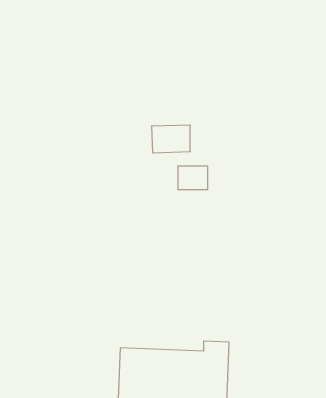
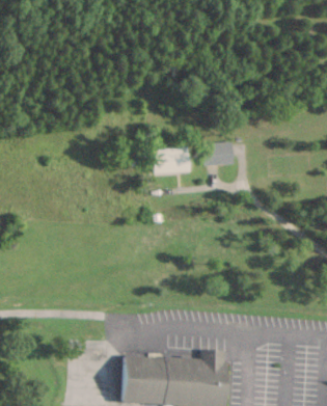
building: [178,166,208,189] -> [206,142,234,164]

